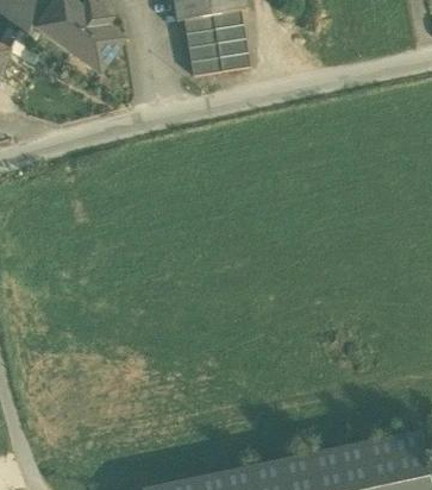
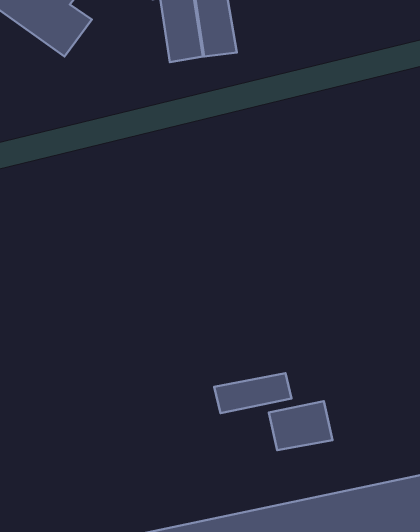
building: none -> [214,373,291,413]
building: none -> [269,401,333,450]

